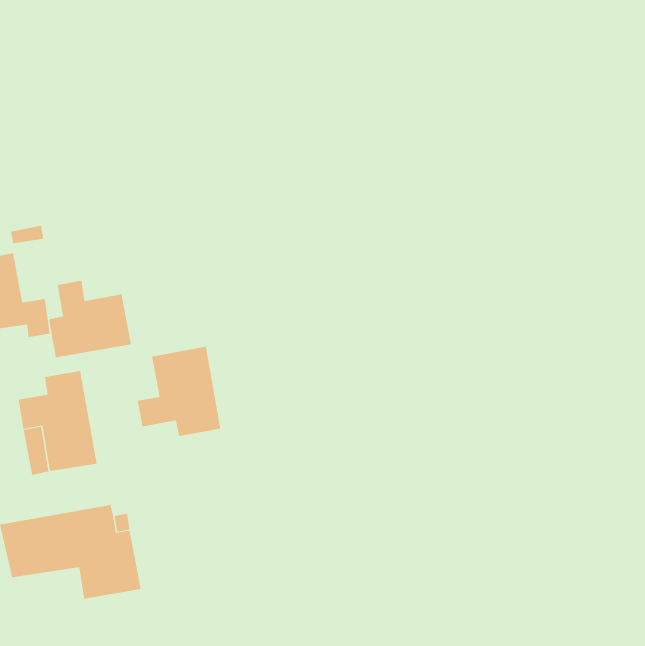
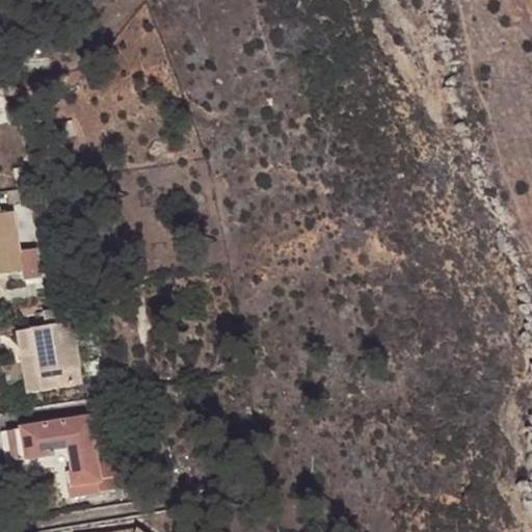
building: [48,280,131,358] -> none
building: [137,346,221,437] -> none

